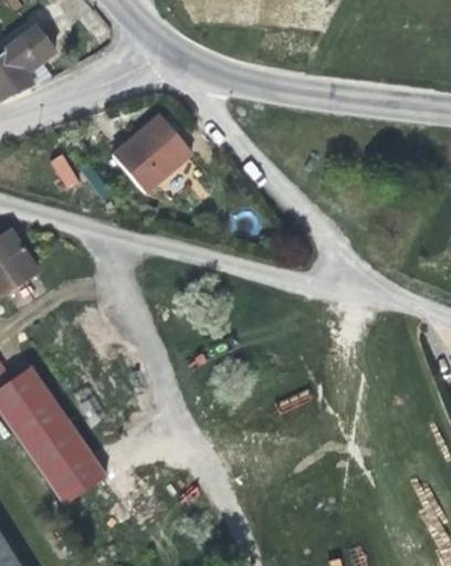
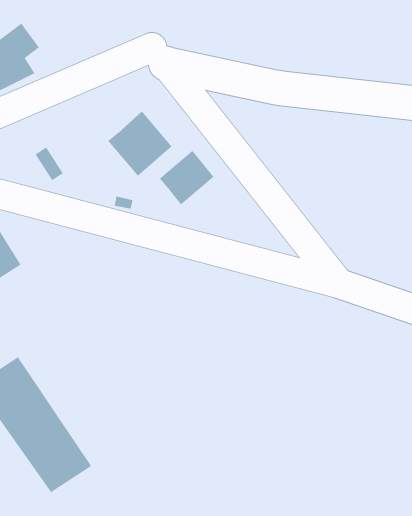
building: none -> [159,150,215,205]

